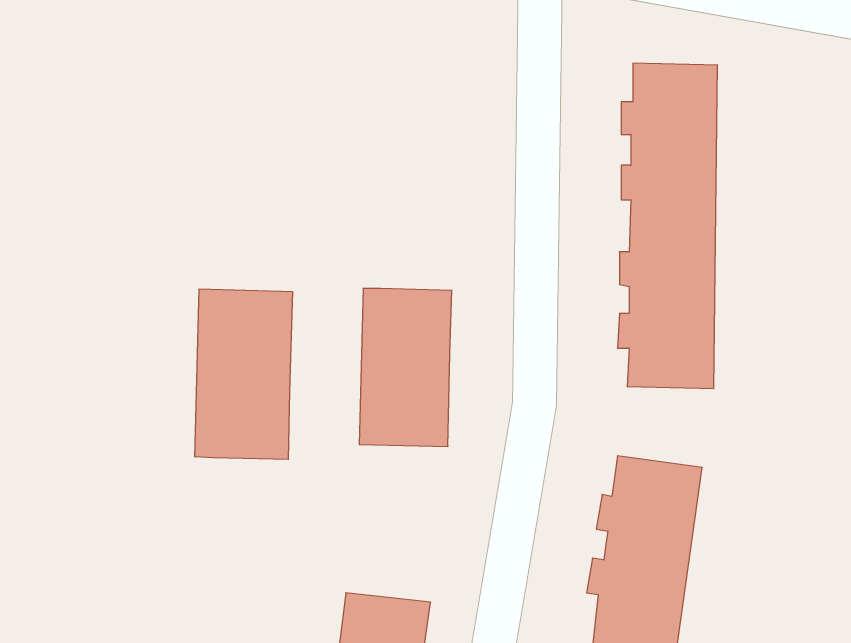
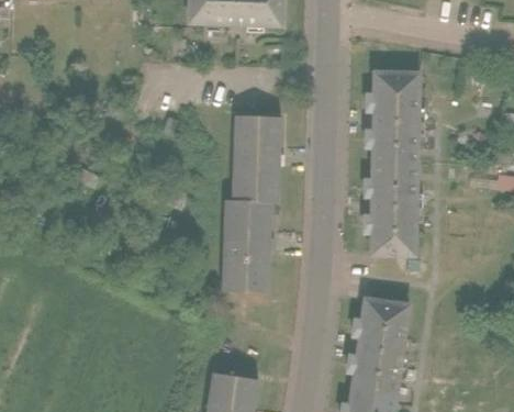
building: none -> [231,114,280,202]
building: [195,289,292,459] -> none

